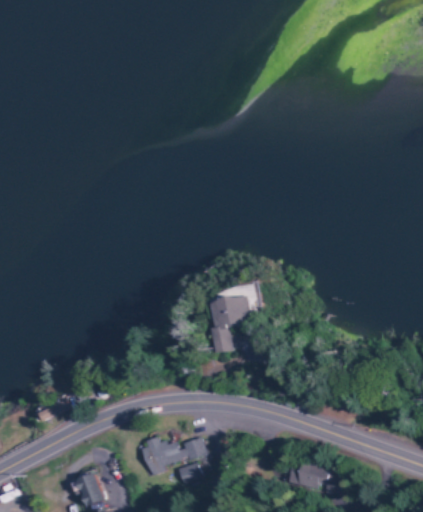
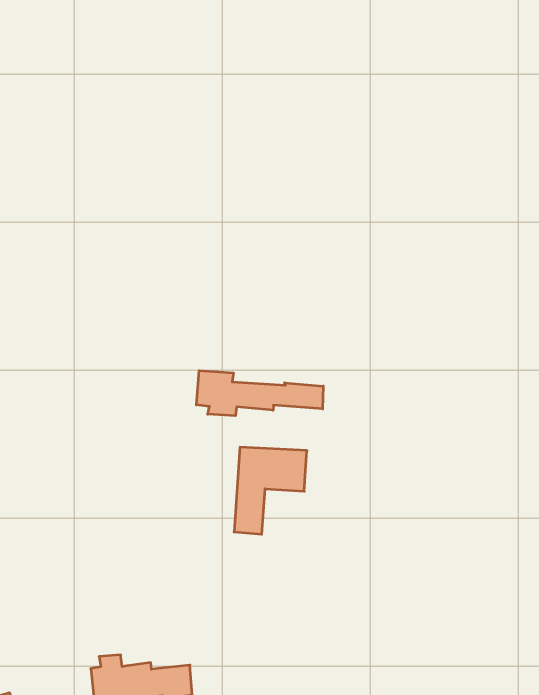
building: none -> [196,371,323,416]

